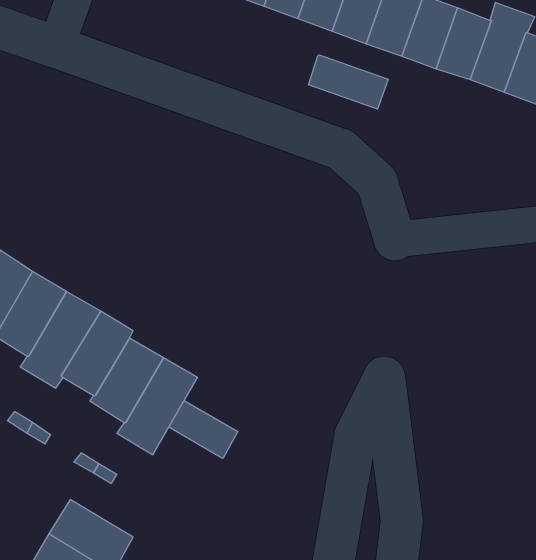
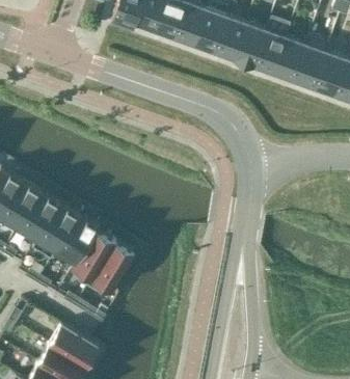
building: [309,55,388,109] -> none
building: [169,400,238,458] -> none

